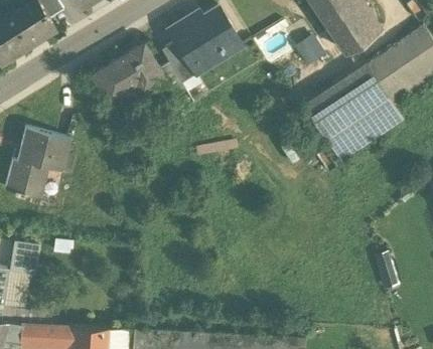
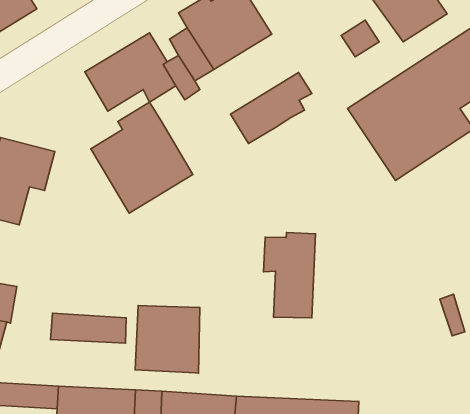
building: none -> [231,73,312,143]
building: none -> [91,102,193,213]
building: none -> [263,233,315,318]
building: none -> [135,305,200,373]
building: none -> [50,313,126,343]

